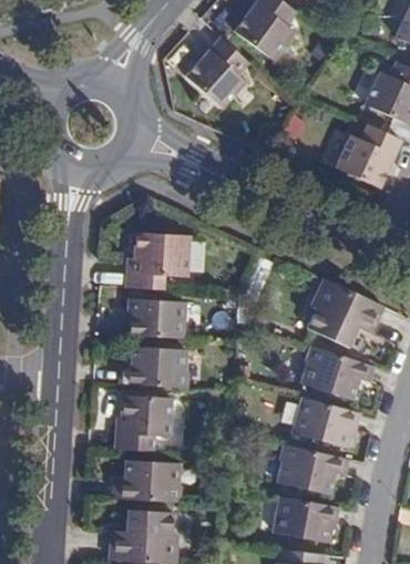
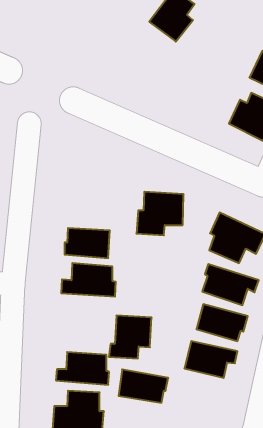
building: [186,40,248,110] -> none
building: [126,233,187,289] -> [136,192,184,235]
building: [114,396,170,451] -> [109,316,152,358]
building: [276,498,340,541] -> [119,369,168,403]

